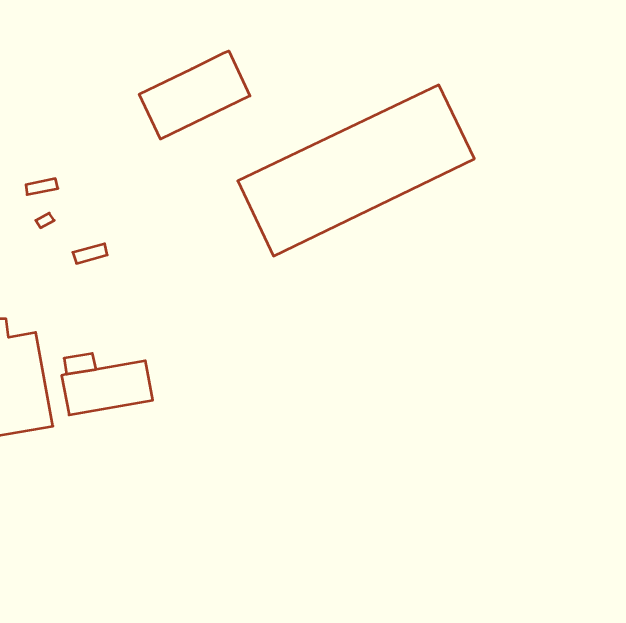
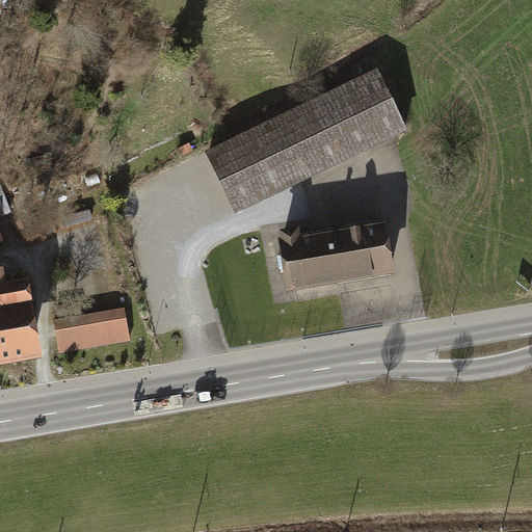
building: [139,51,250,139] -> none
building: none -> [277,221,392,291]

